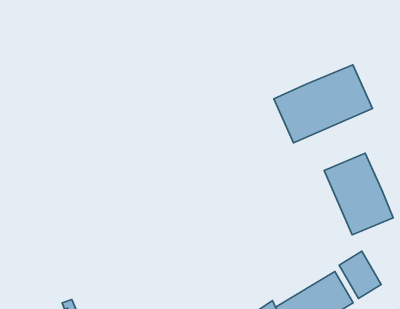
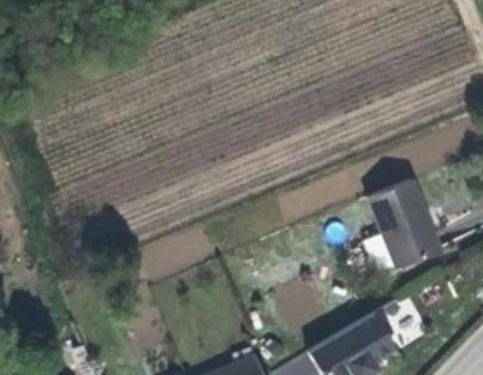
building: [274,65,373,143] -> none

